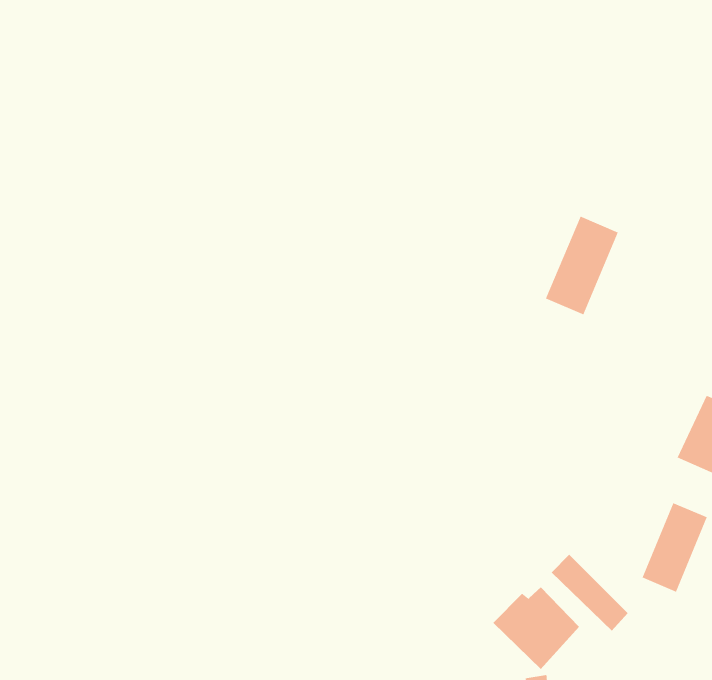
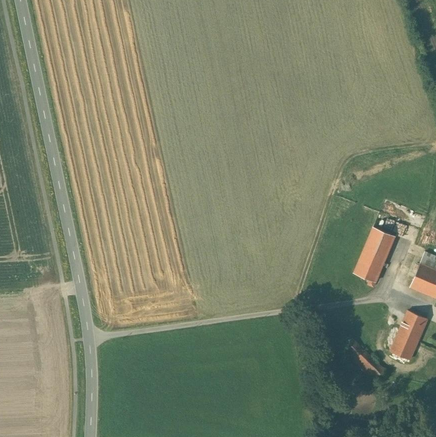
building: [545,215,619,315] -> [355,227,395,281]
building: [493,587,580,670] -> none

